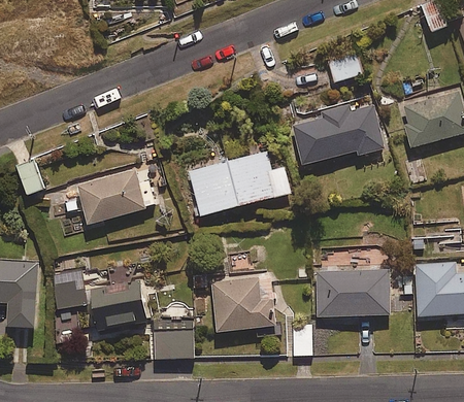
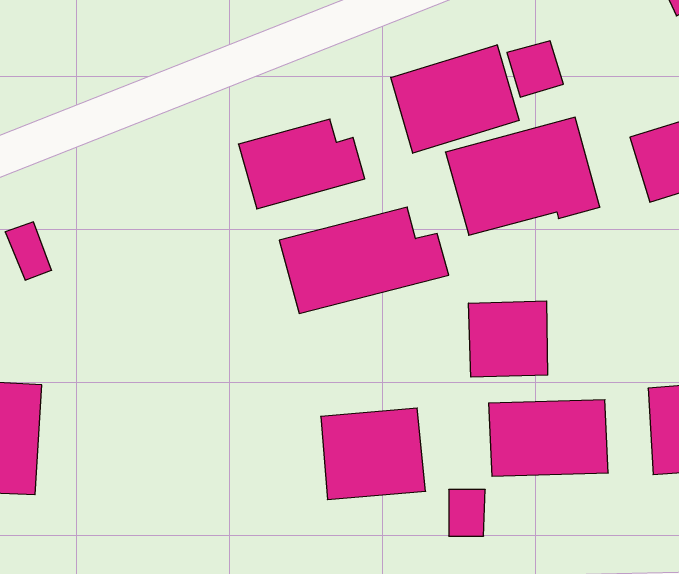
building: none -> [391,45,519,153]
building: [76,169,155,225] -> [238,119,365,209]
building: none -> [469,301,548,377]
building: [55,264,145,329] -> none
building: [153,320,193,360] -> none

